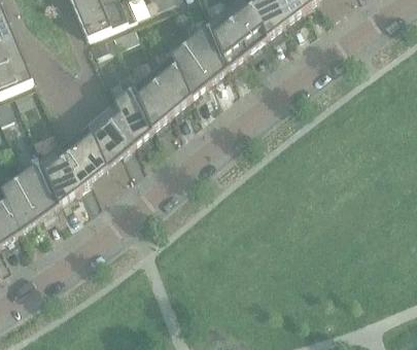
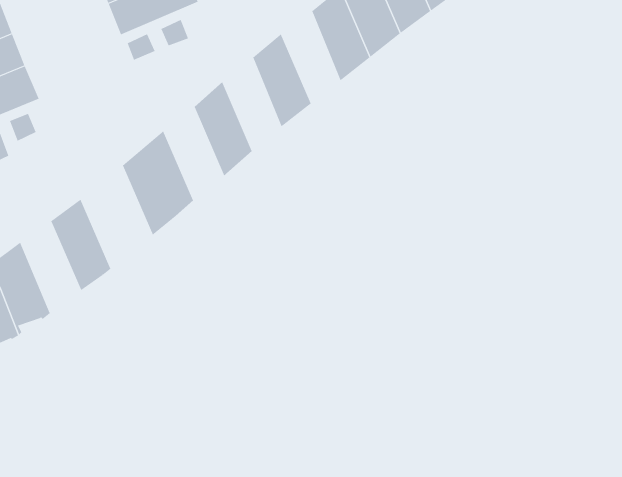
building: [188,23,227,82] -> none
building: [150,52,188,113] -> none
building: [112,84,151,145] -> none
building: [59,122,105,189] -> none
building: [20,159,59,218] -> none

